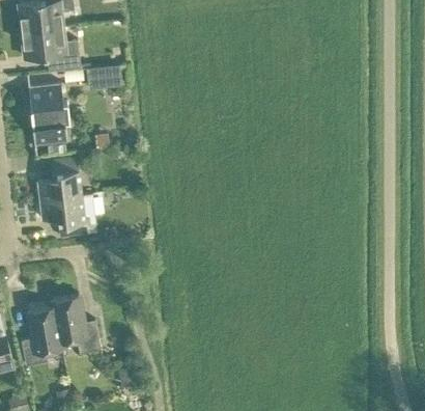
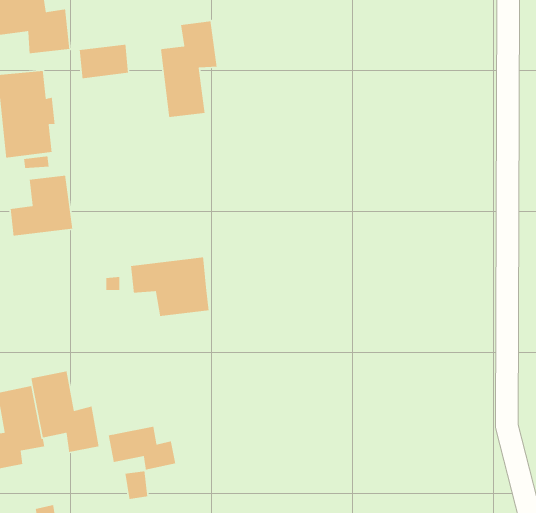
building: none -> [160,20,218,118]
building: [39,195,95,238] -> [130,257,210,317]
building: none -> [108,426,176,470]

